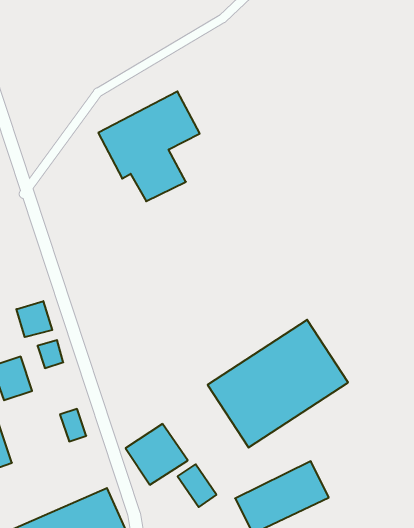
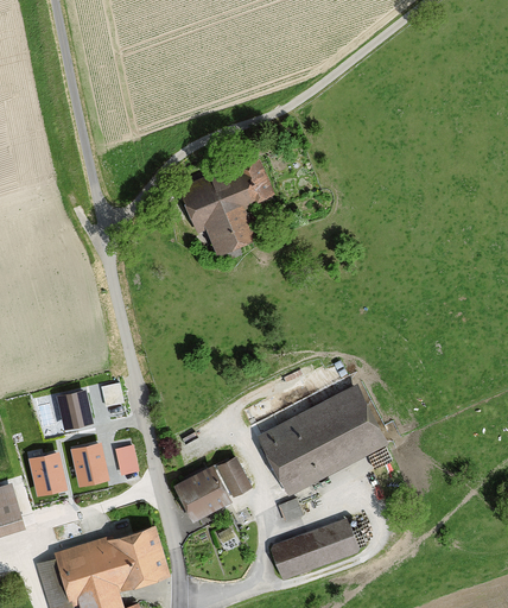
building: [16,301,52,337] -> none
building: none -> [70,442,107,486]
building: [178,464,216,507] -> [216,457,250,498]

